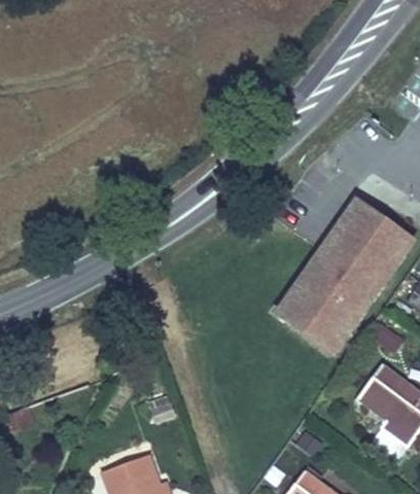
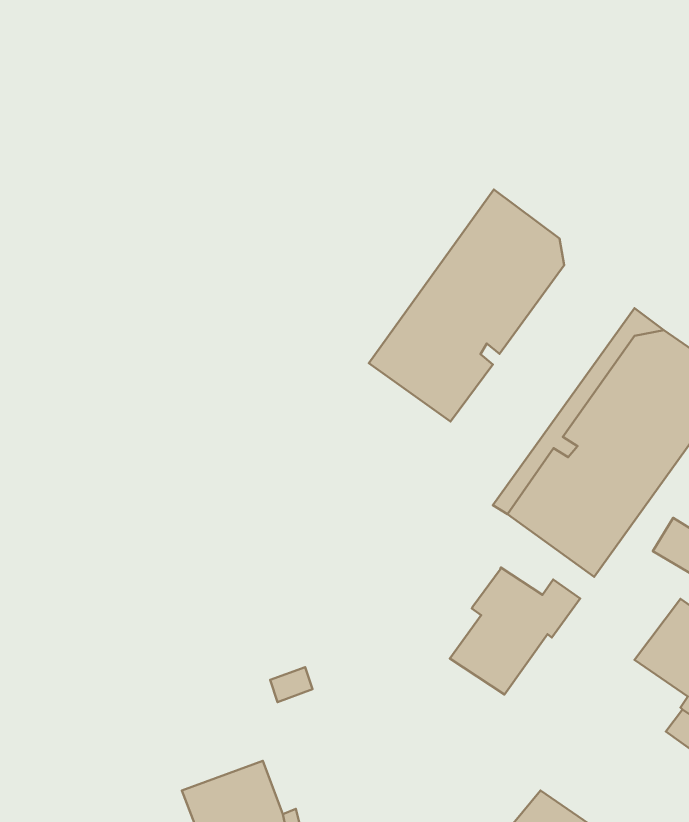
building: none -> [369,189,564,422]
building: none -> [450,567,580,695]

